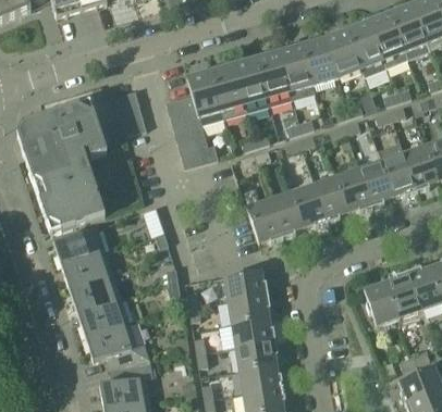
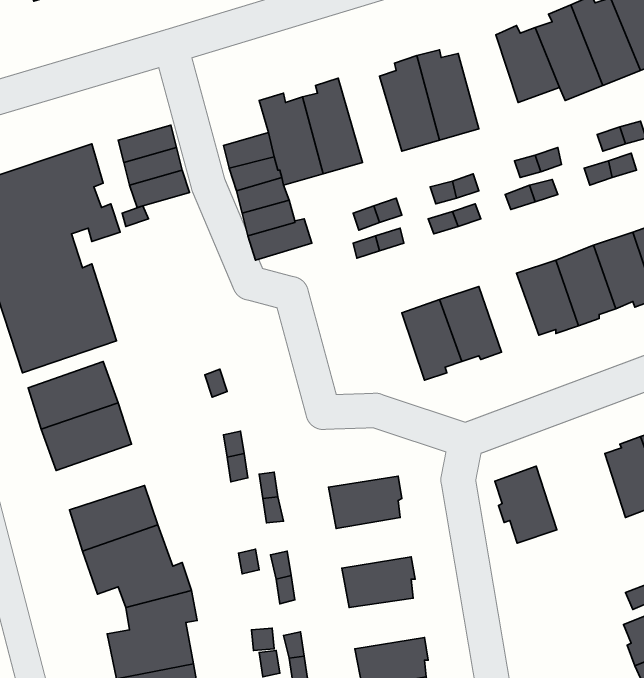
building: [303,37,337,84] -> none
building: [233,59,270,111] -> none
building: [315,175,349,221] -> none
building: [247,198,283,241] -> none
building: [224,269,268,299] -> none
building: [70,274,121,312] -> none
building: [364,279,400,324] -> [495,466,557,543]
building: [232,316,275,346] -> none
building: [240,363,283,392] -> none

